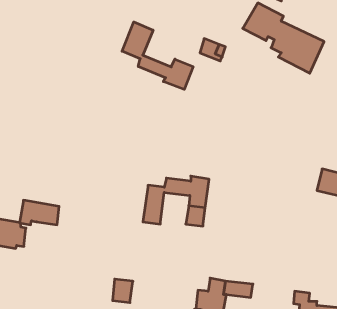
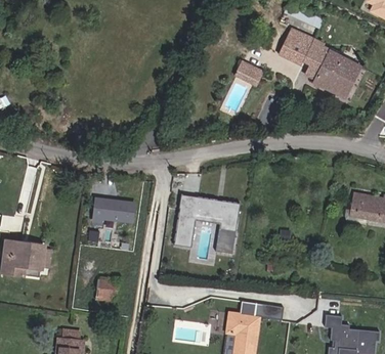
building: [122,22,193,89] -> none
building: none -> [179,194,222,211]
building: [19,200,59,225] -> [93,196,133,221]
building: [113,279,133,303] -> [95,278,116,302]

